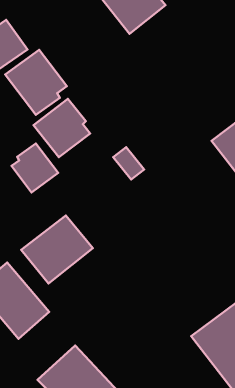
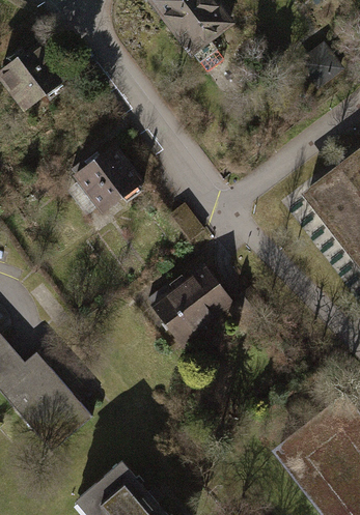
building: [5,50,67,115] -> none
building: [11,144,58,192] -> none
building: [21,215,93,284] -> [147,266,238,352]

